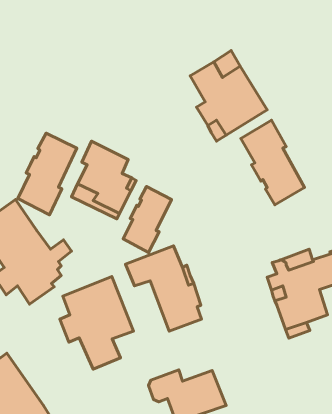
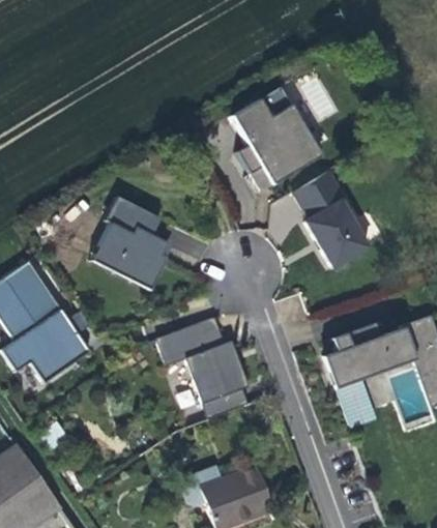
building: [18,133,77,215] -> none
building: [123,187,171,252] -> none
building: [60,277,133,369] -> none

